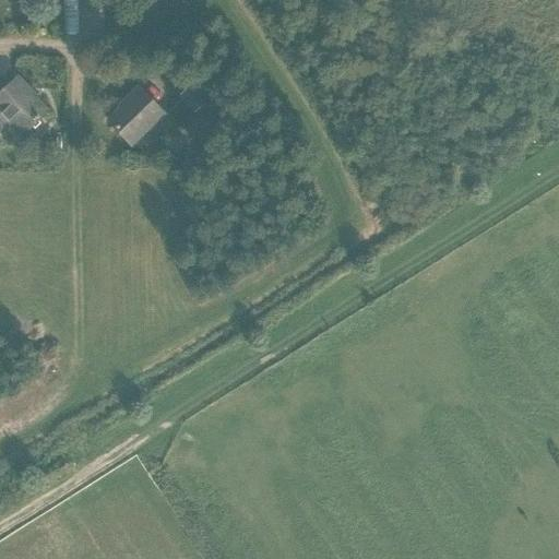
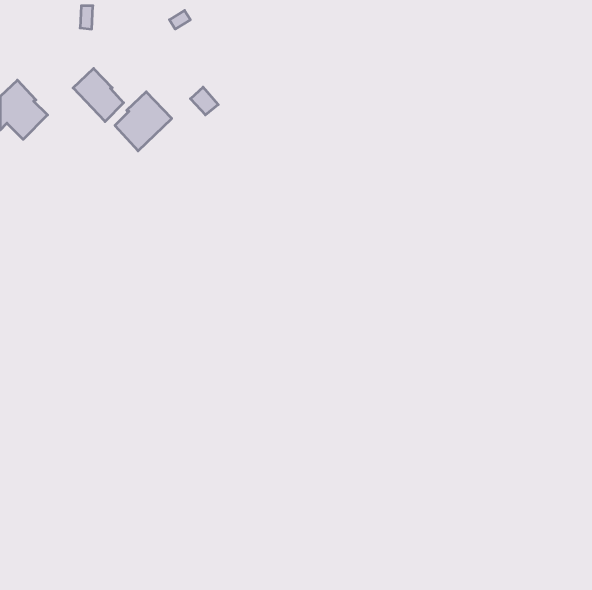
building: none -> [73,68,124,122]

